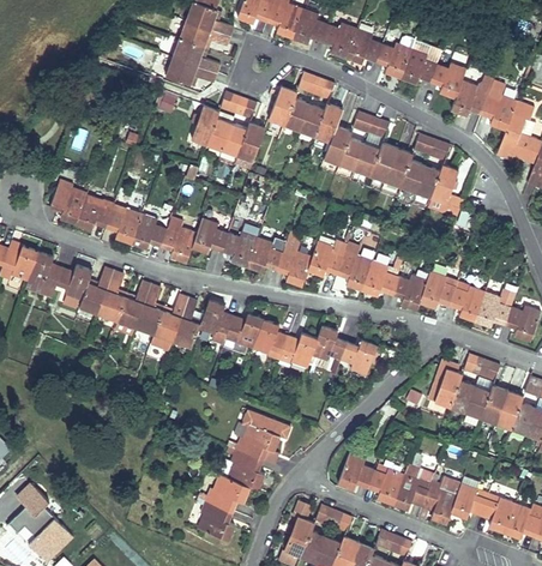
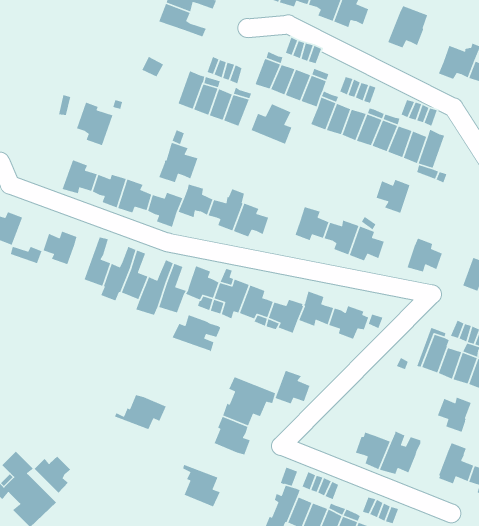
building: [377,43,412,78] -> none
building: [167,58,217,85] -> none
building: [430,62,466,97] -> none
building: none -> [251,103,293,145]
building: none -> [158,142,198,183]
building: [50,180,88,224] -> [76,102,113,146]
building: [277,251,313,285] -> none
building: [28,252,64,285] -> none
building: [80,267,114,314] -> none
building: [392,275,427,309] -> [376,179,411,214]
building: [450,287,486,320] -> none
building: none -> [171,314,221,353]
building: [338,454,374,489] -> [274,370,311,405]
building: [198,475,251,511] -> [114,394,167,430]
building: [422,488,457,524] -> [437,397,472,433]
building: none -> [34,456,71,493]

